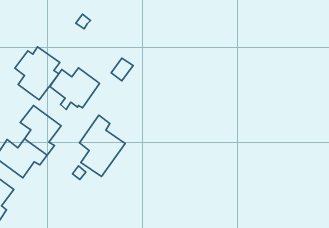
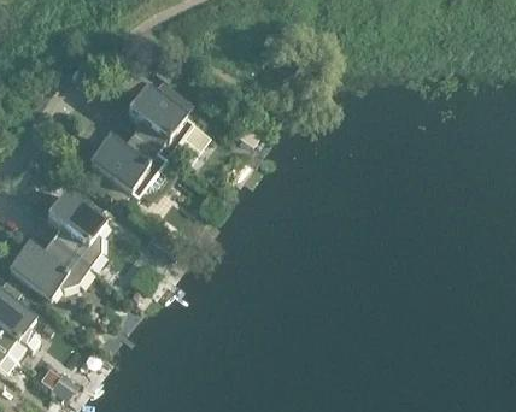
building: [15,47,60,100] -> [127,80,193,158]
building: [80,115,125,177] -> none

